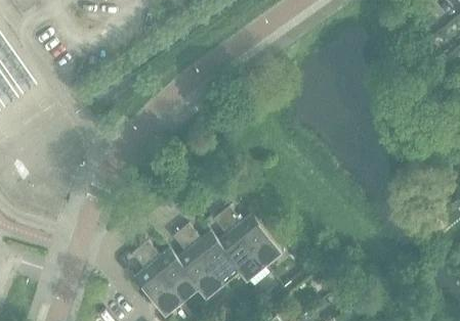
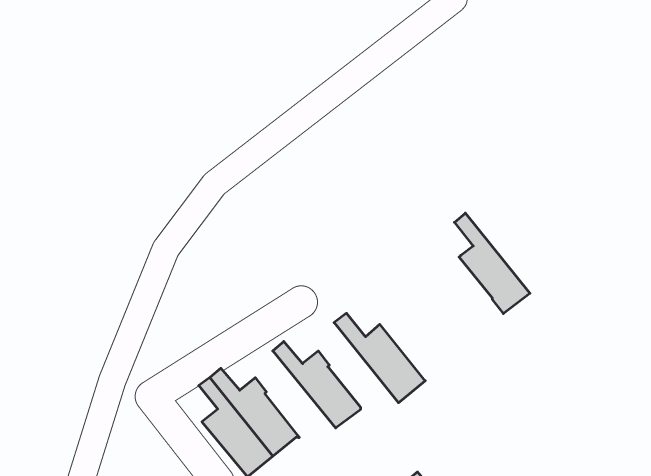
building: [214,217,263,282] -> [454,213,530,314]
building: [174,235,222,300] -> none

